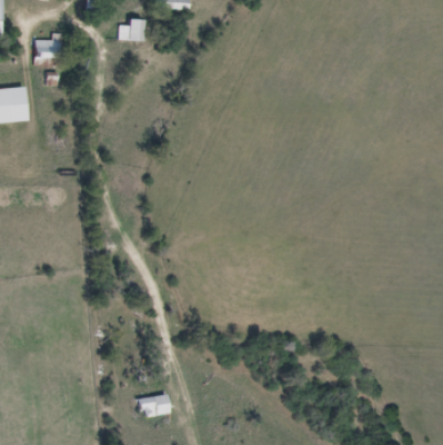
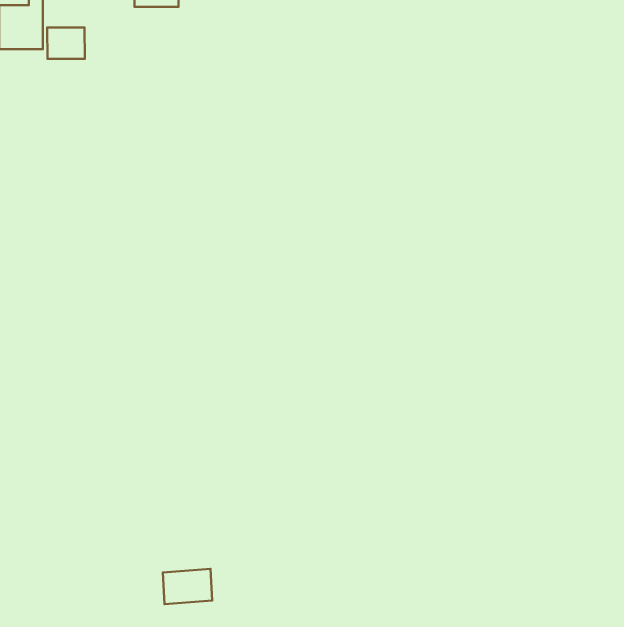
building: none -> [47,27,85,59]

